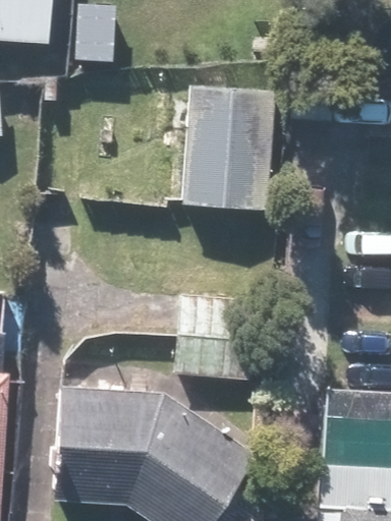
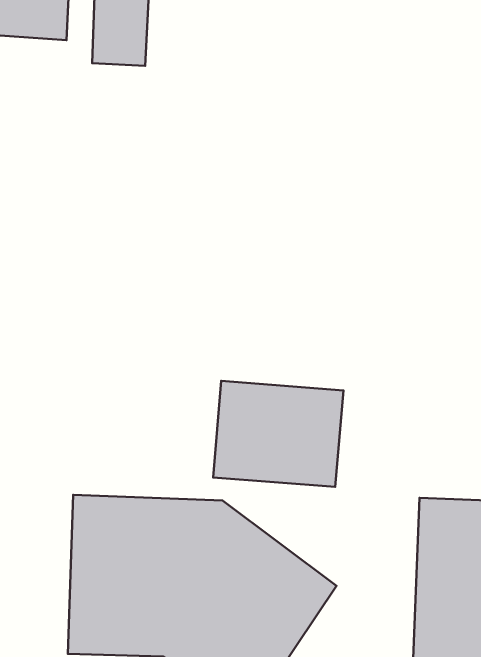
building: [182,83,274,211] -> none

